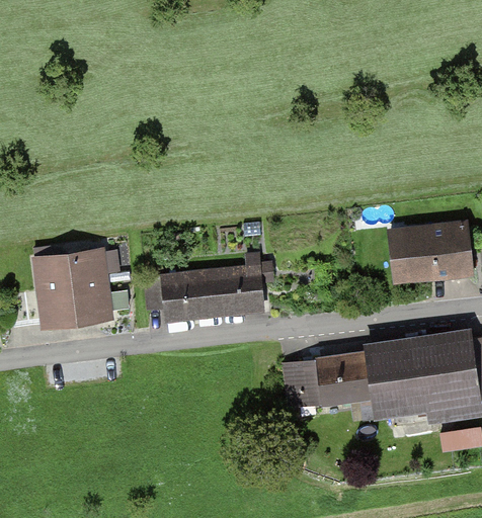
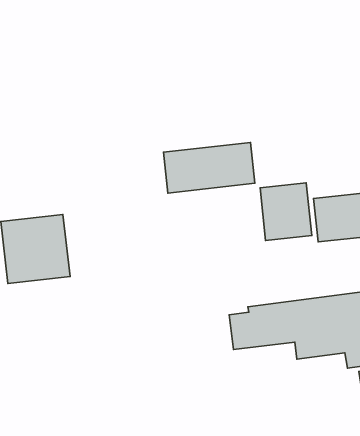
building: none -> [260,183,312,240]
building: [159,263,263,321] -> [163,142,255,193]

